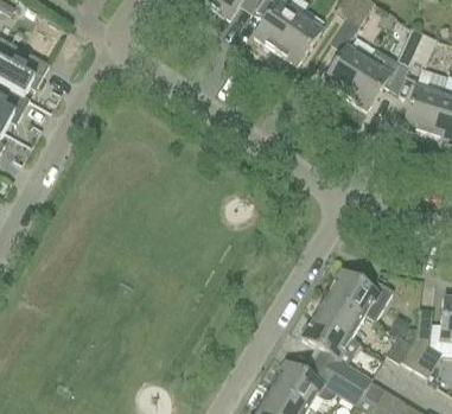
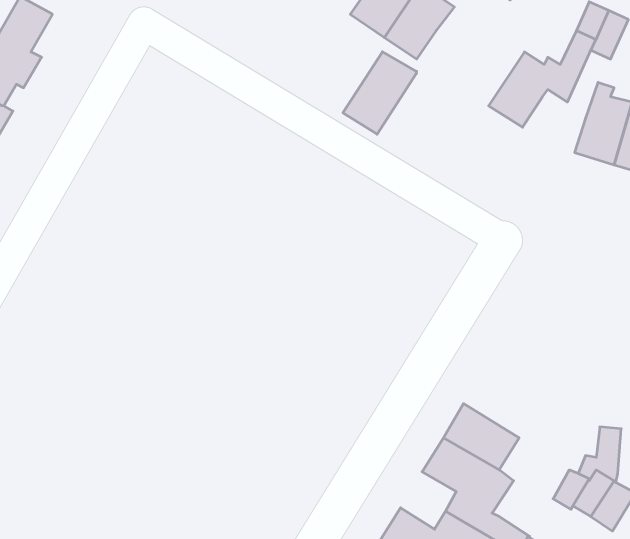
building: [323,40,371,95] -> [343,52,417,134]
building: [329,269,394,320] -> none

